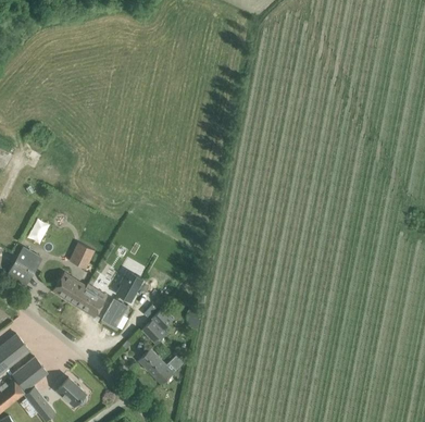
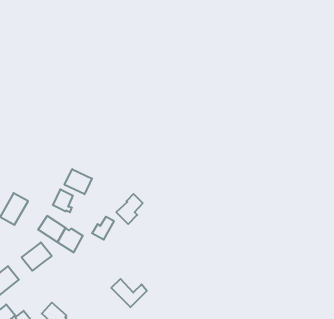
building: none -> [65,169,92,194]
building: [102,299,128,330] -> none
building: [141,308,173,344] -> [116,194,143,224]
building: [12,357,48,390] -> [22,242,52,271]

